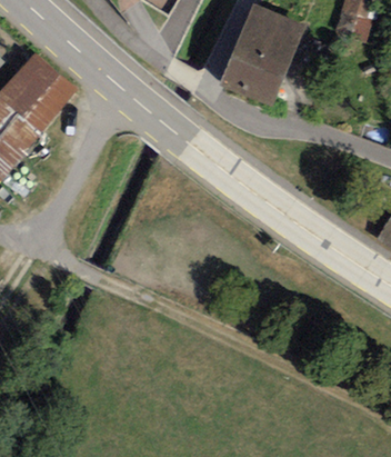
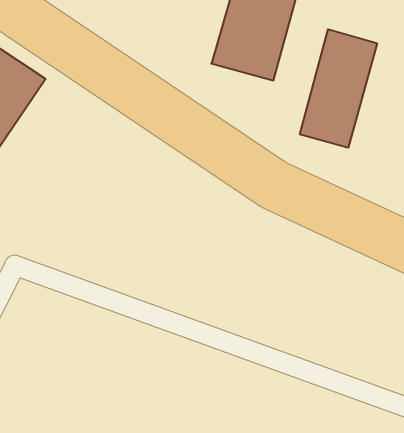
building: none -> [300,29,377,148]

